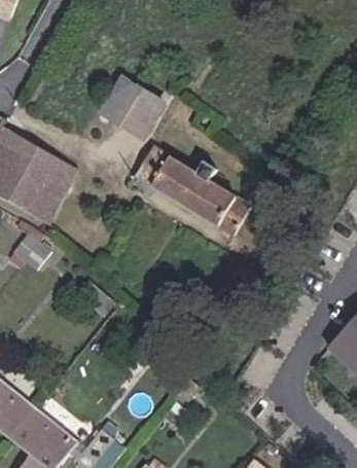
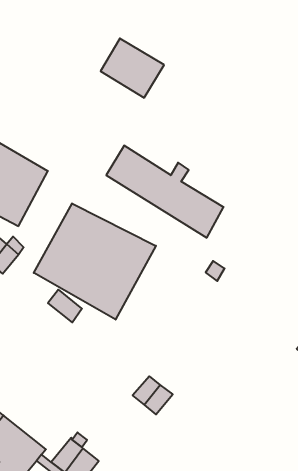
building: [104,82,166,140] -> [101,38,164,98]
building: none -> [34,203,156,320]

